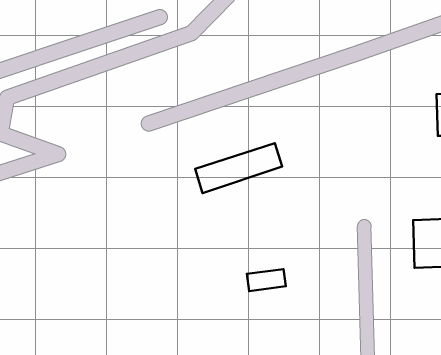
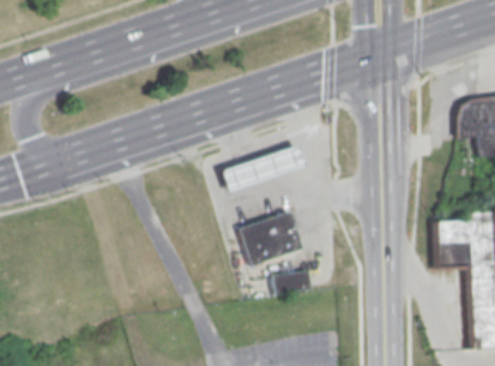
building: none -> [239,211,302,264]

